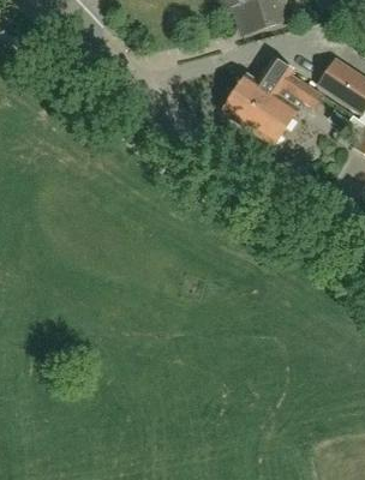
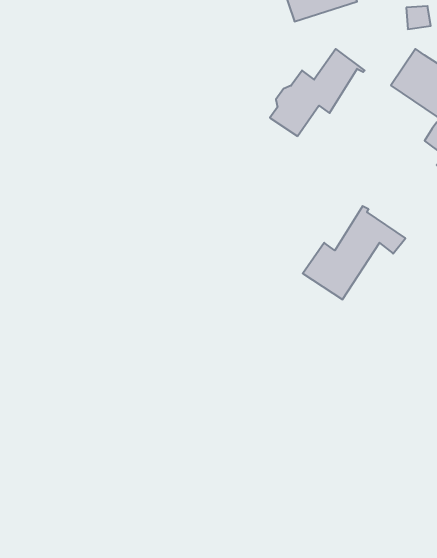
building: [243,72,323,145] -> [303,206,405,299]

